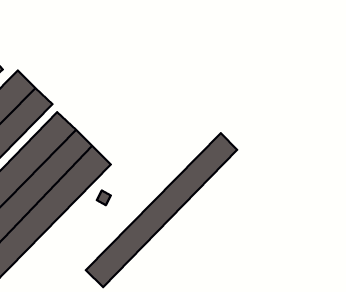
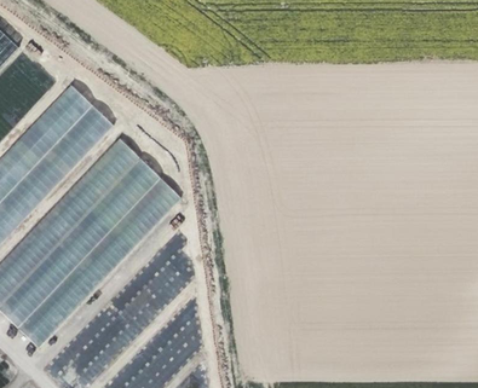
building: [86,133,237,287] -> none

